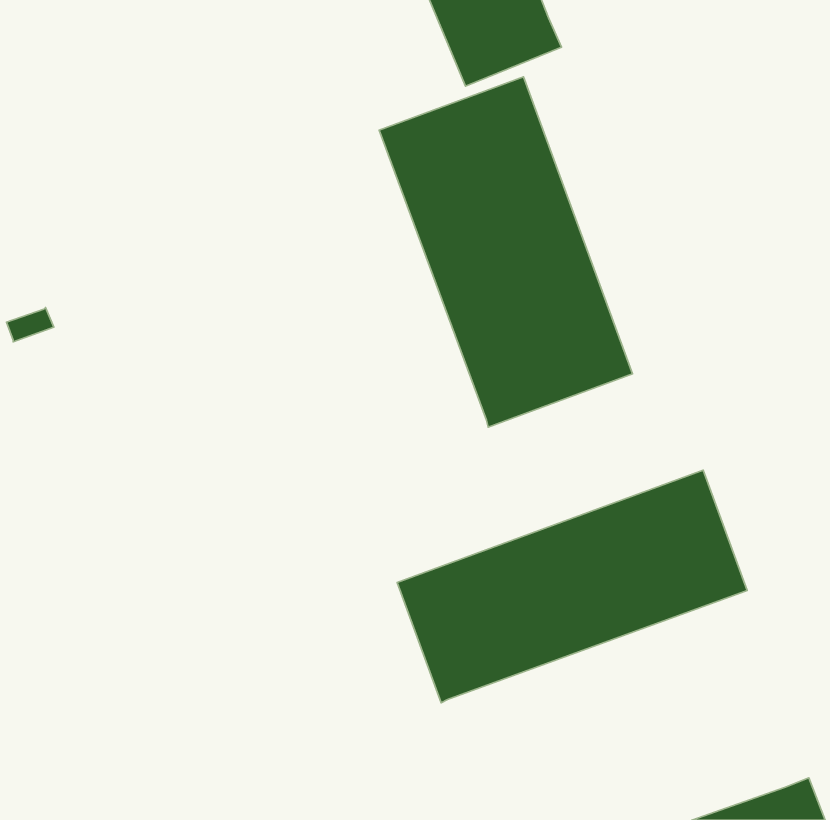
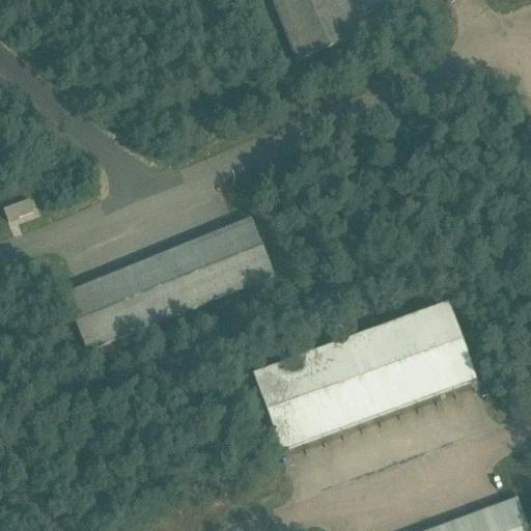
building: [379,77,633,427] -> none
building: none -> [65,216,274,347]

